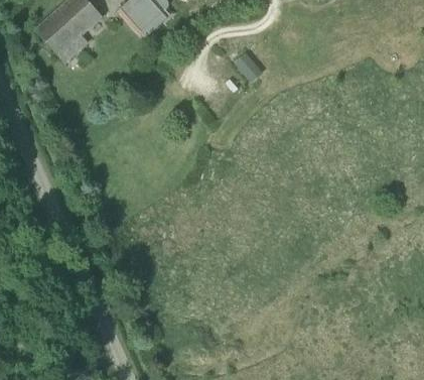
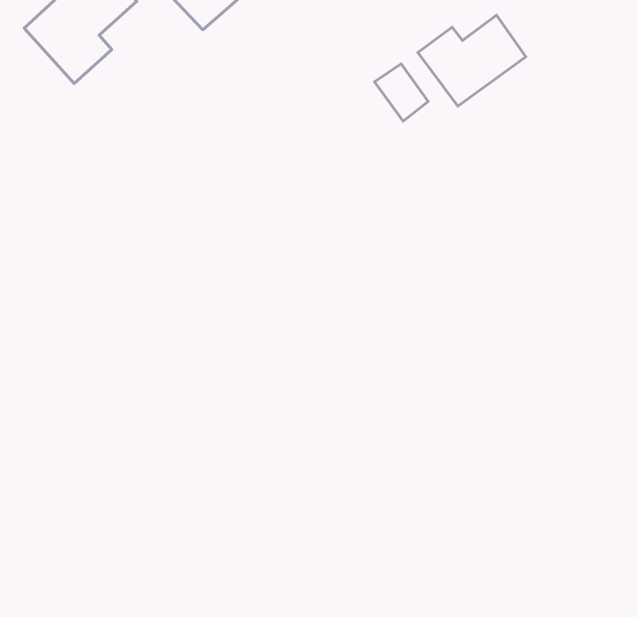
building: none -> [418,15,526,106]

